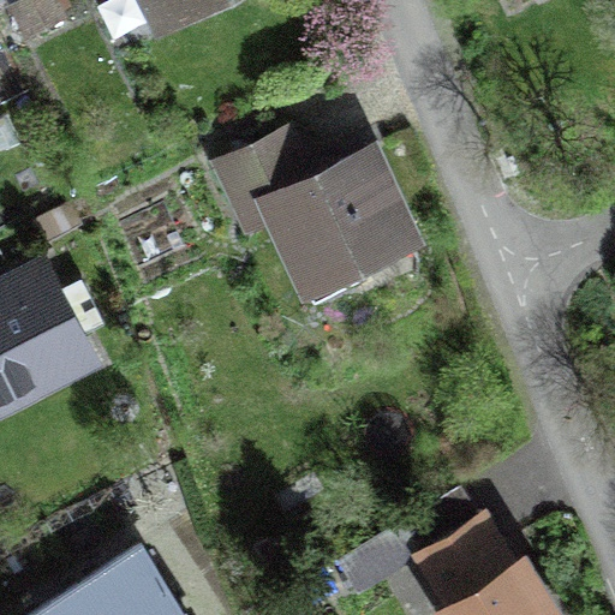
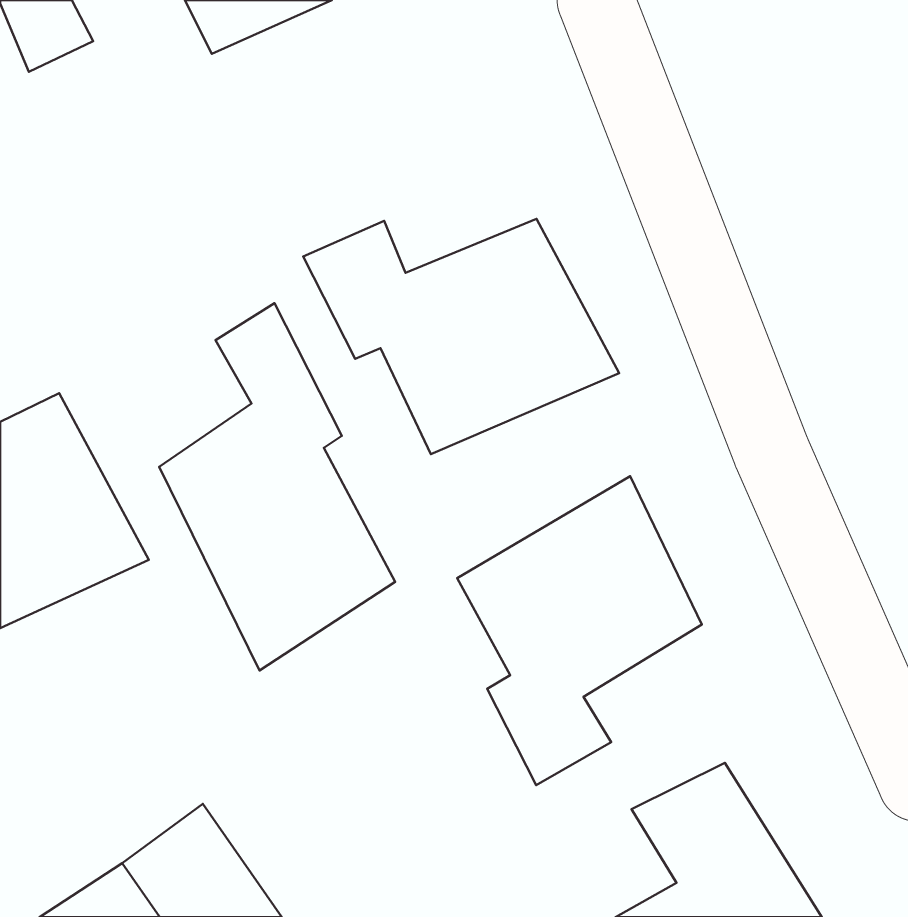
building: none -> [159,303,395,670]
building: none -> [457,476,702,785]

